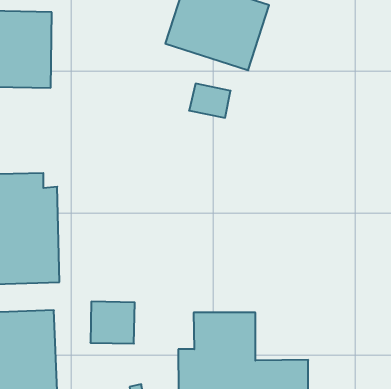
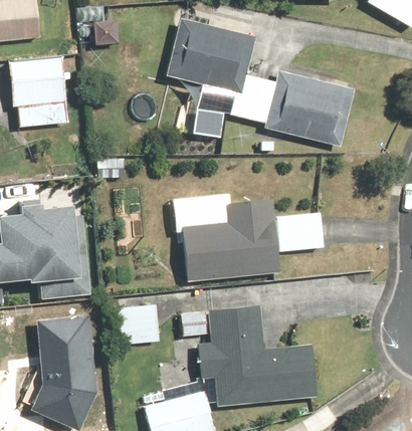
building: none -> [266,72,354,145]
building: none -> [173,195,322,281]

